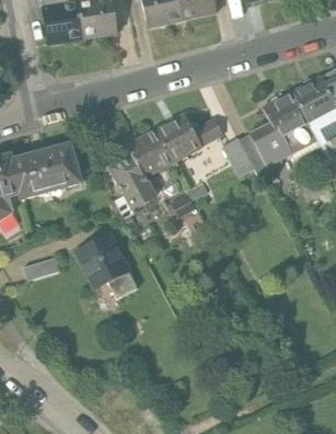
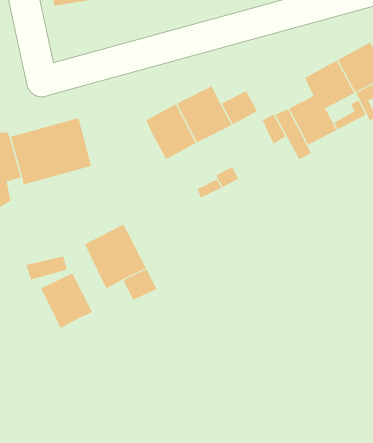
building: [109,155,154,208] -> none
building: none -> [41,273,93,329]

